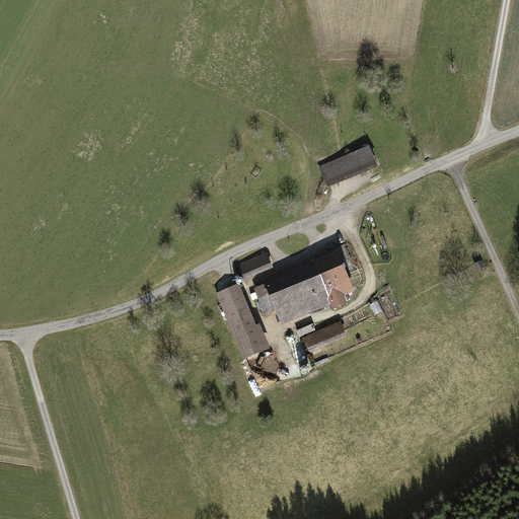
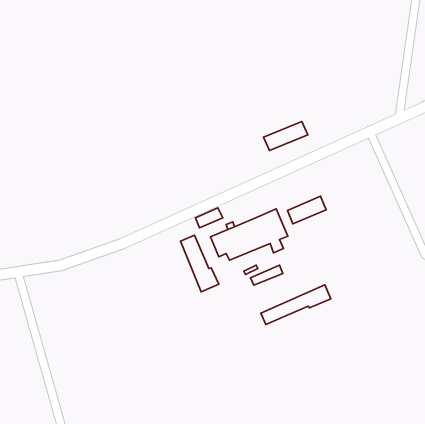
building: none -> [287,196,326,224]
building: none -> [261,285,331,324]

